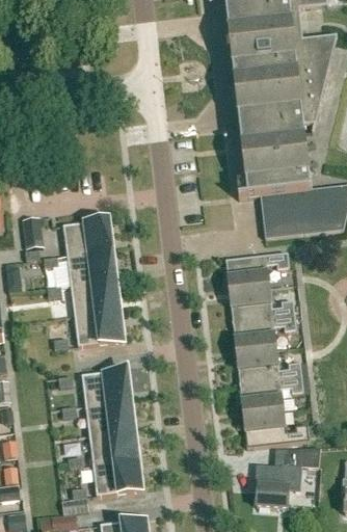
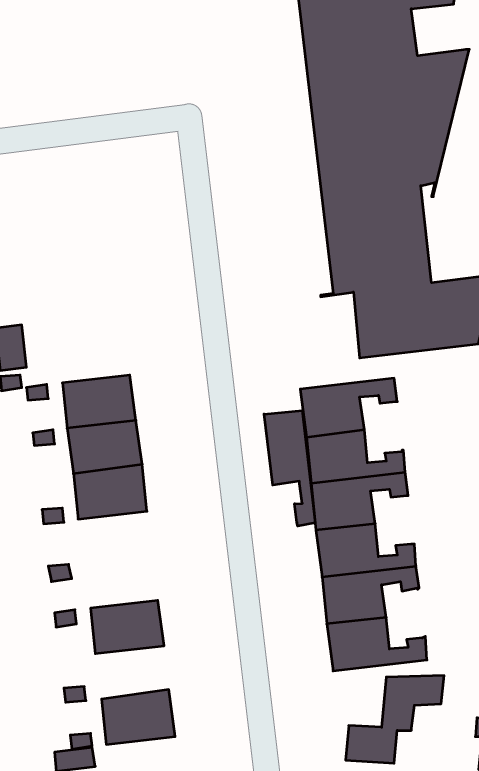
building: [63,219,112,255] -> none
building: none -> [264,411,315,526]
building: [82,369,131,404] -> none
building: [89,429,138,464] -> none

